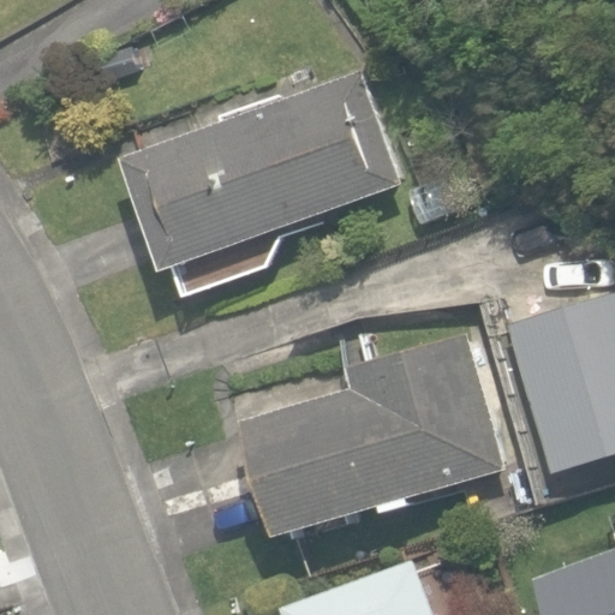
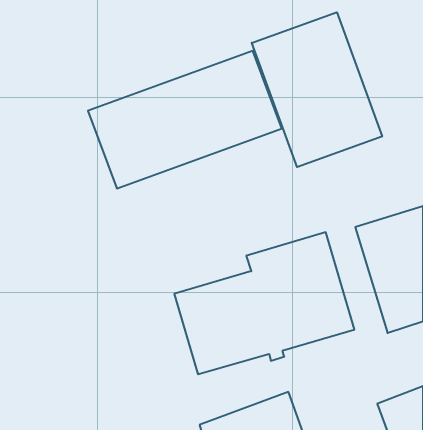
building: none -> [252,12,382,167]

